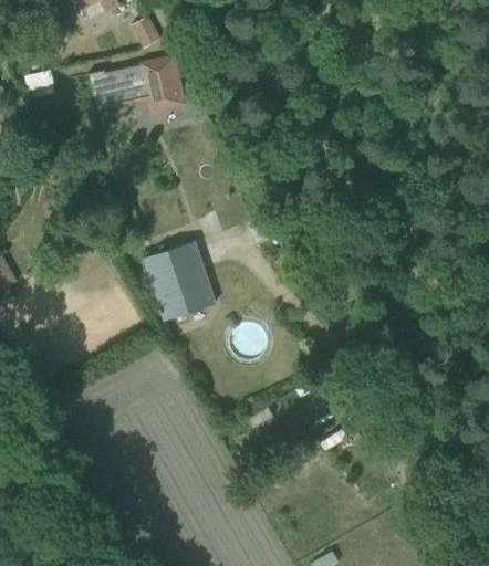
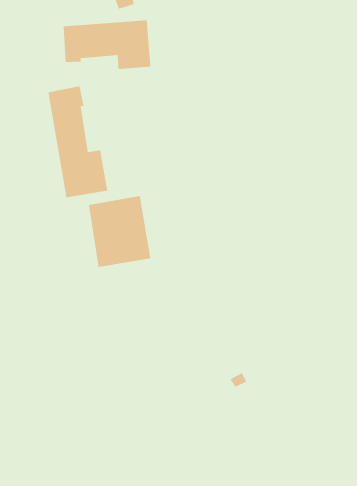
building: none -> [48,86,108,198]

